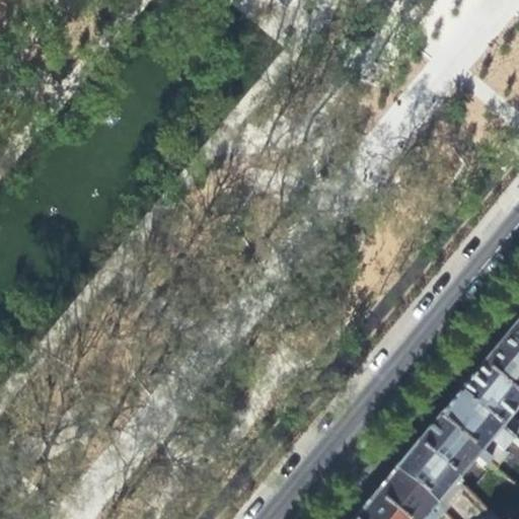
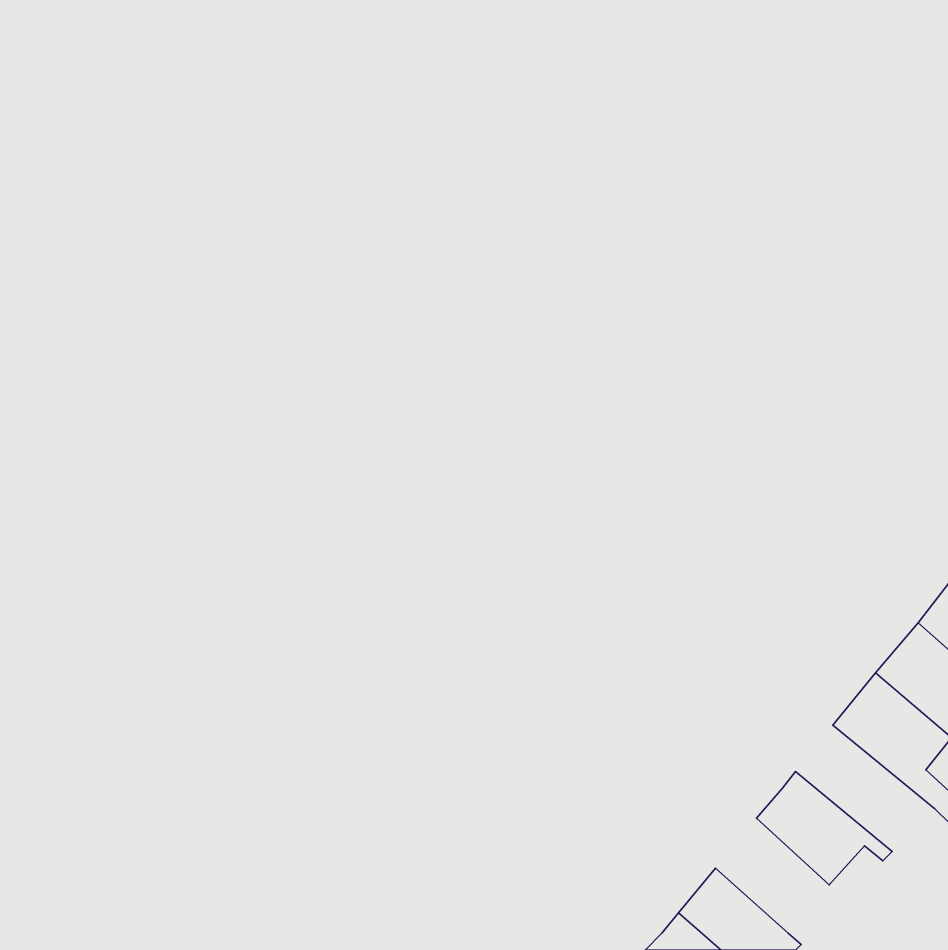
building: [435,395,511,469] -> none
building: [391,446,461,509] -> none

